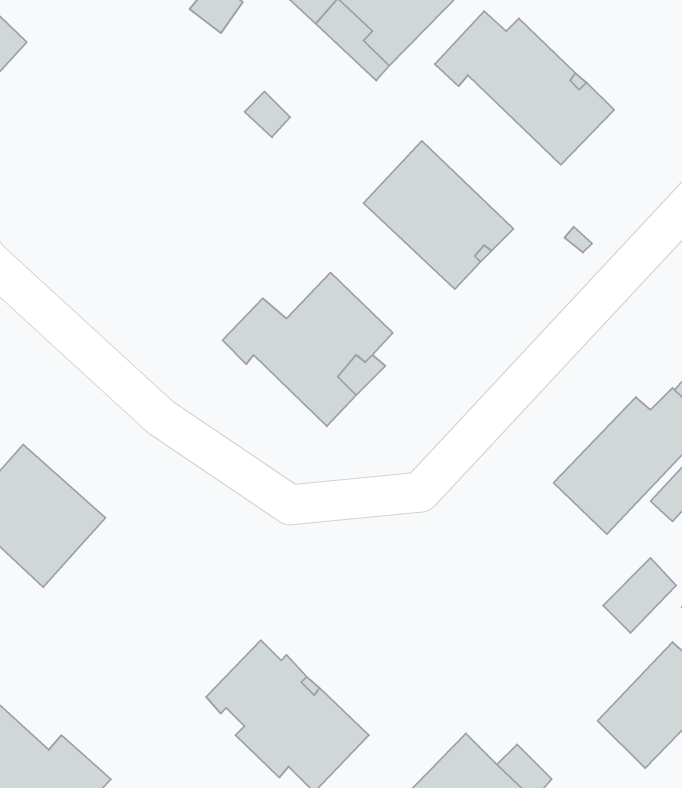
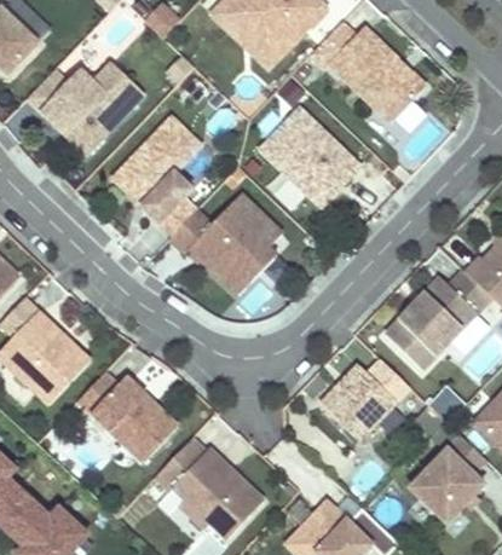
building: none -> [27,62,144,154]
building: none -> [114,116,201,221]
building: none -> [321,358,410,439]
building: none -> [88,371,179,452]

